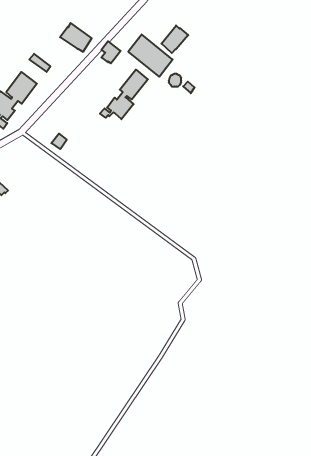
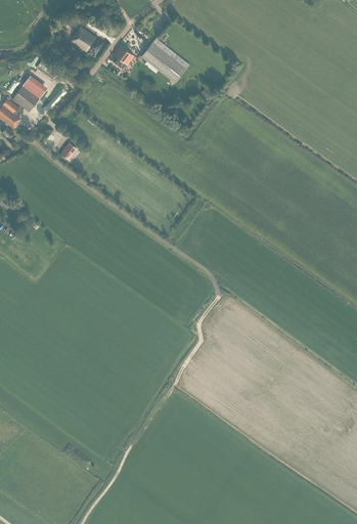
building: [161,25,188,53] -> none
building: [100,70,148,119] -> none

